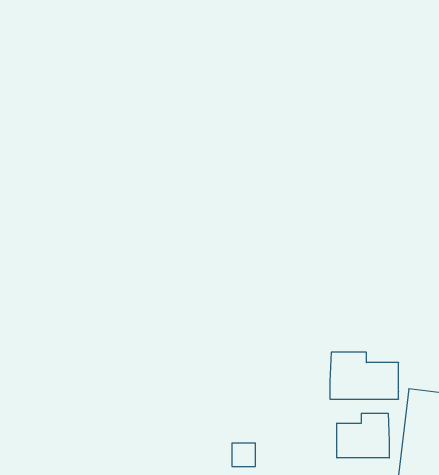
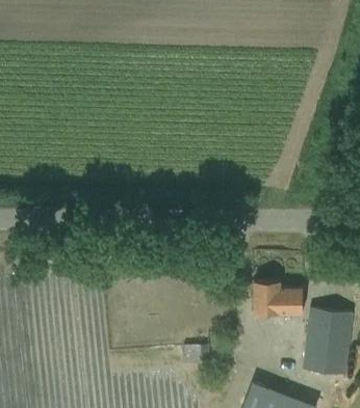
building: [337,413,389,458] -> none

